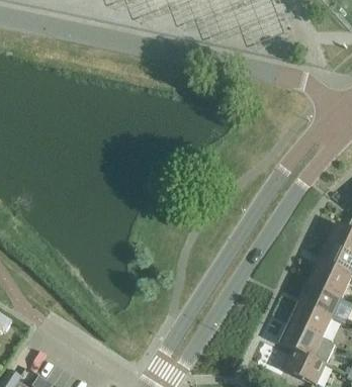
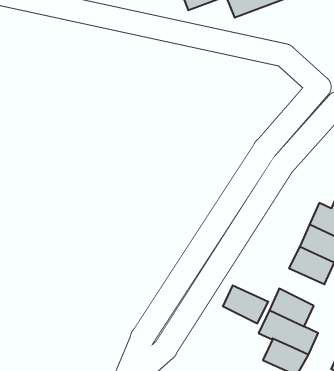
building: [294,286,337,321] -> [223,285,268,323]

